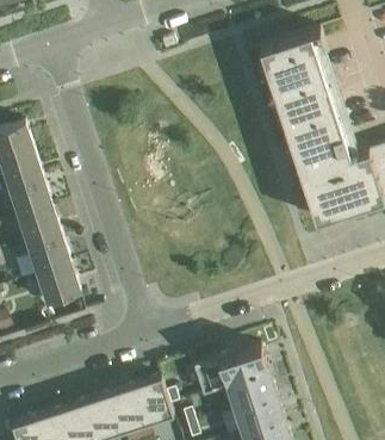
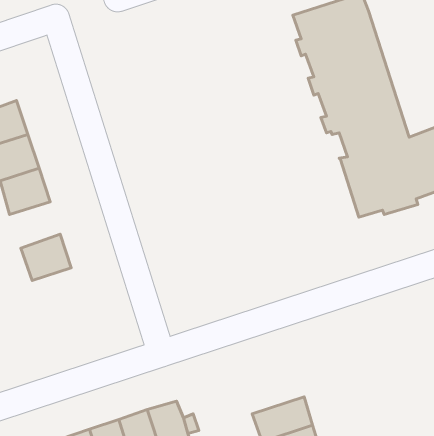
building: [17,205,60,244] -> none
building: [36,261,79,300] -> none
building: [191,345,267,392] -> none

